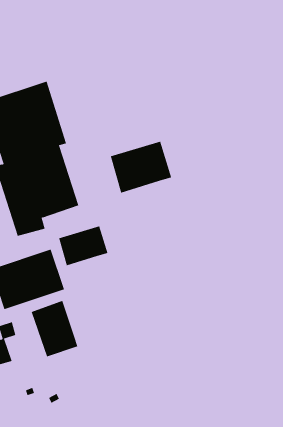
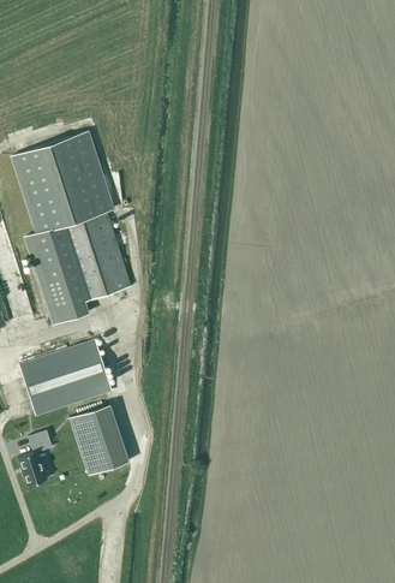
building: [110,141,172,193] -> none
building: [59,226,108,266] -> none

